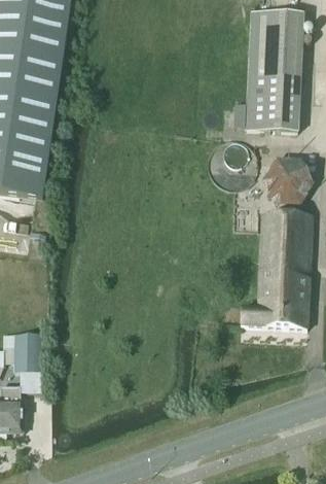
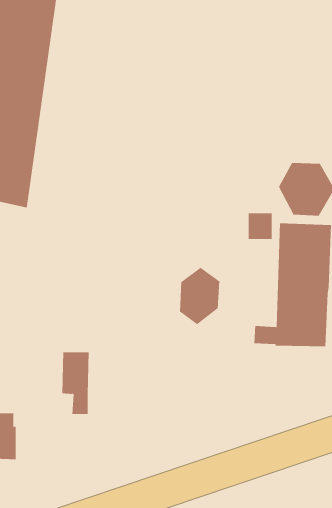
building: [246,11,304,131] -> none
building: none -> [180,267,220,325]
building: [14,333,40,390] -> [62,352,89,415]

